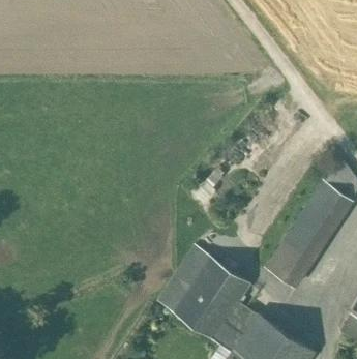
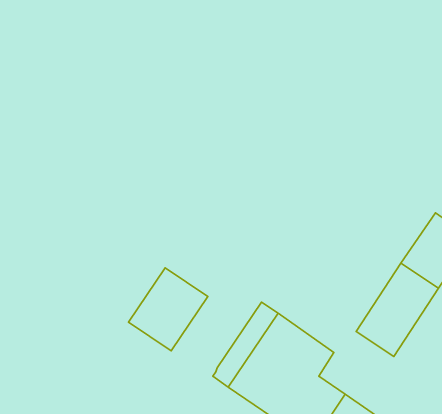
building: none -> [128,268,208,351]

